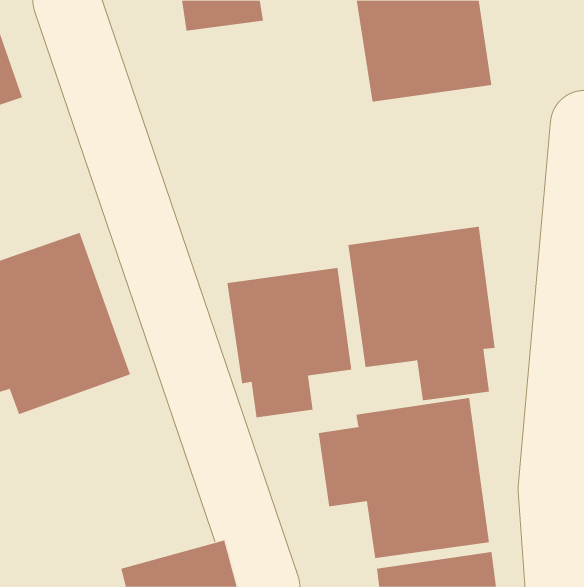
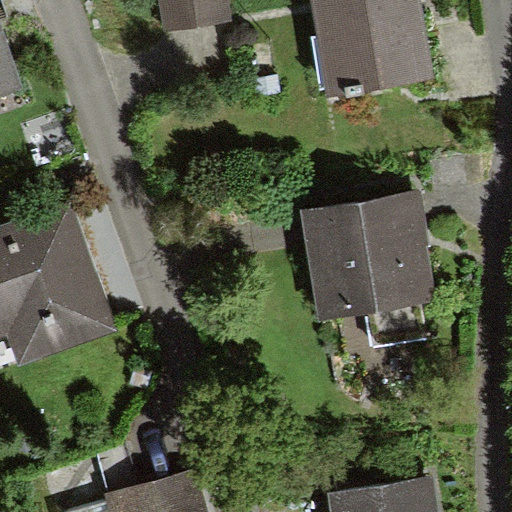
building: [227,267,352,418] -> none
building: [318,397,490,559] -> none

